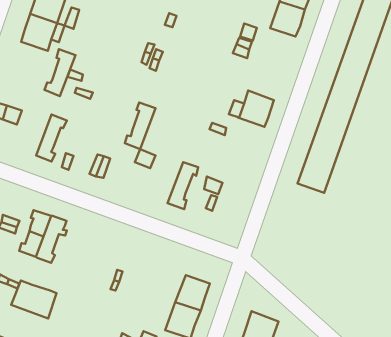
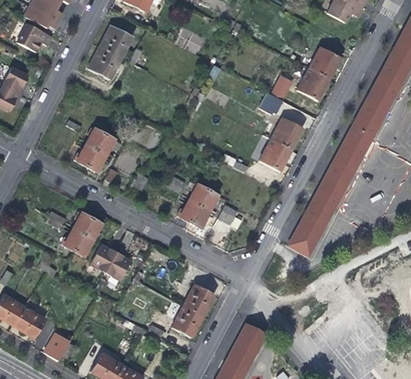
building: [45,49,75,96] -> [75,127,105,166]
building: none -> [272,117,304,150]
building: [125,102,156,149] -> [178,183,209,223]
building: none -> [289,223,322,256]
building: [11,280,56,319] -> [91,245,130,280]

